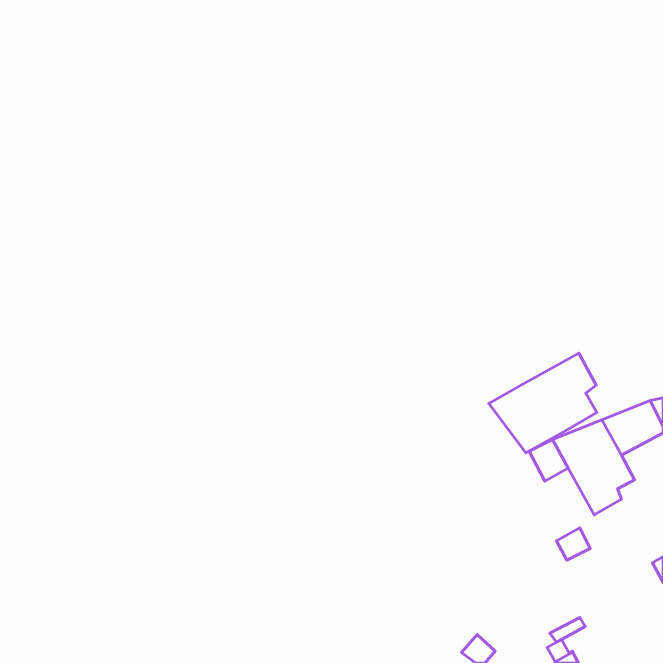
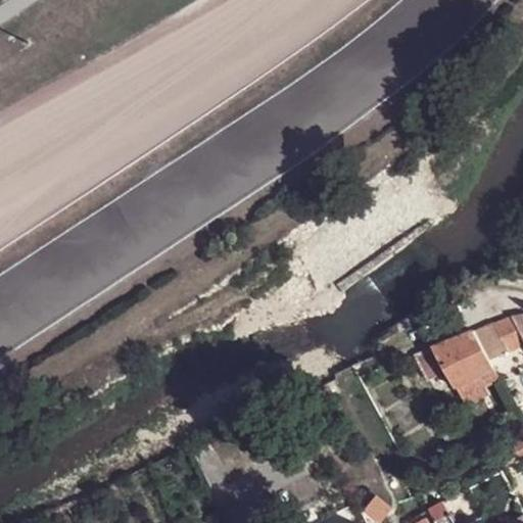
building: [489,353,597,453] -> none

